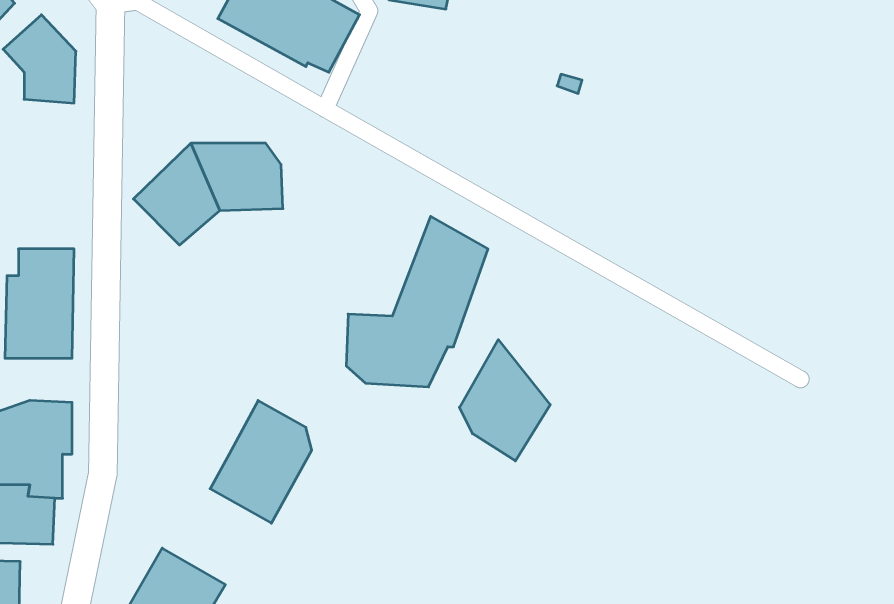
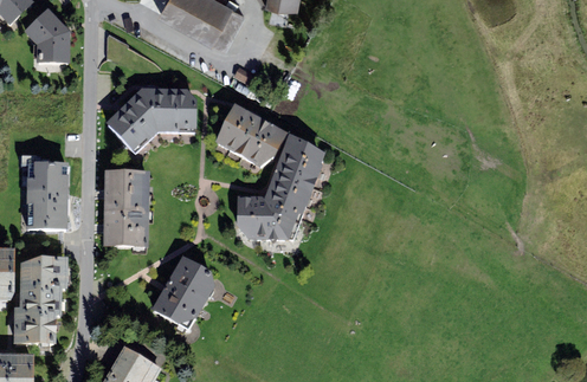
building: none -> [217,106,288,168]
building: none -> [104,175,149,248]
building: [459,340,550,461] -> none

